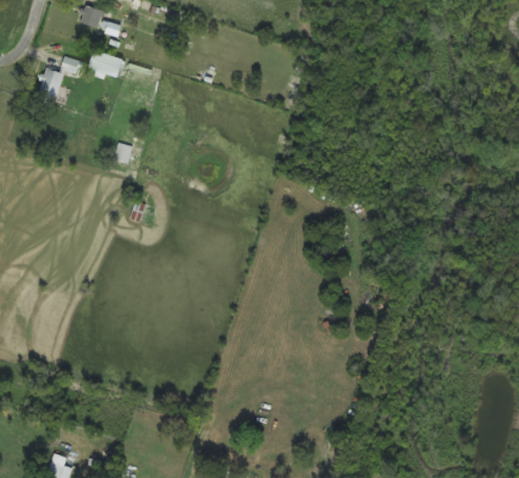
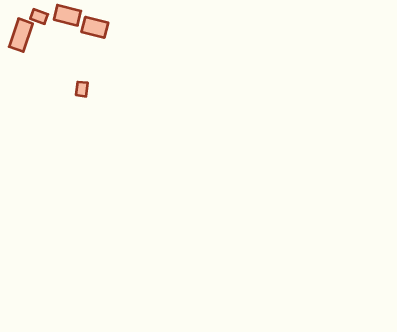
building: none -> [82,17,108,38]

